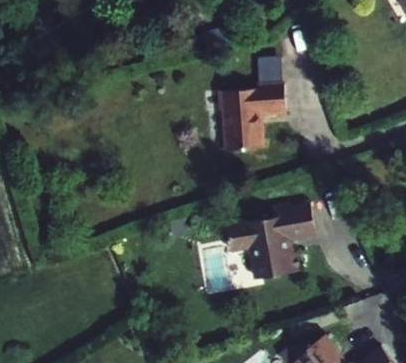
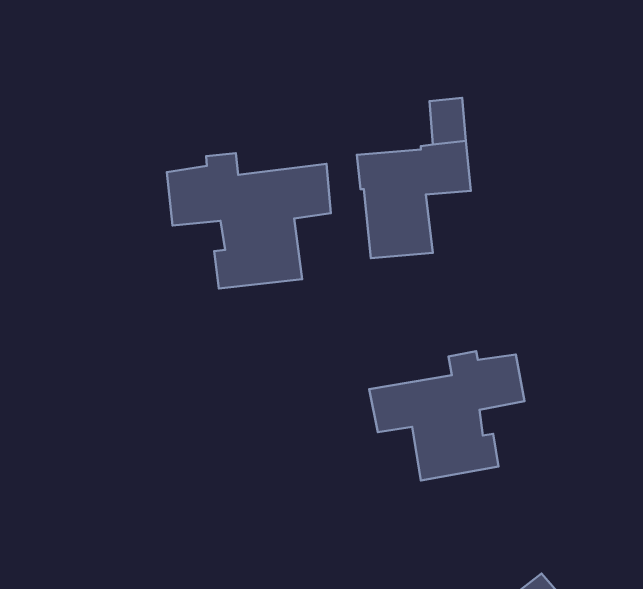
building: none -> [167,153,331,289]

